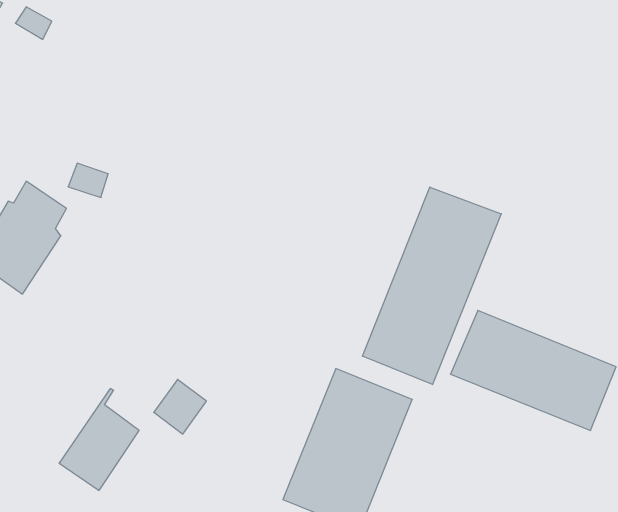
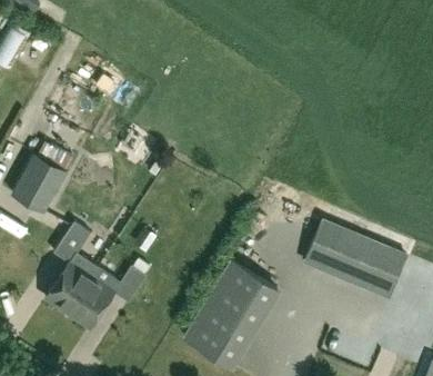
building: [363,187,501,385] -> none
building: none -> [44,224,95,314]

